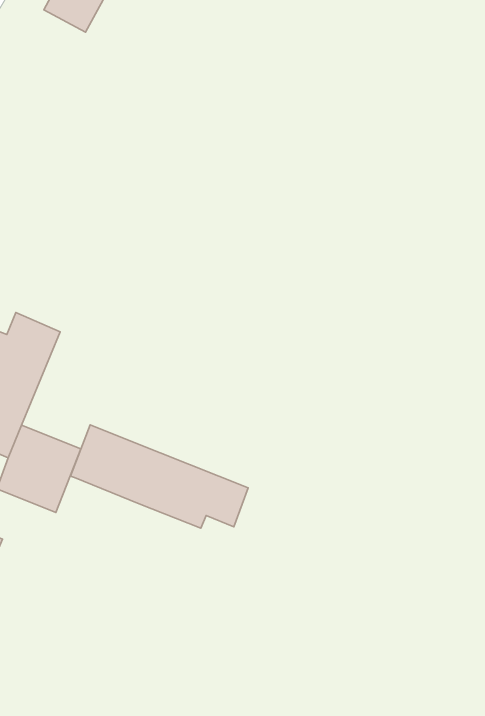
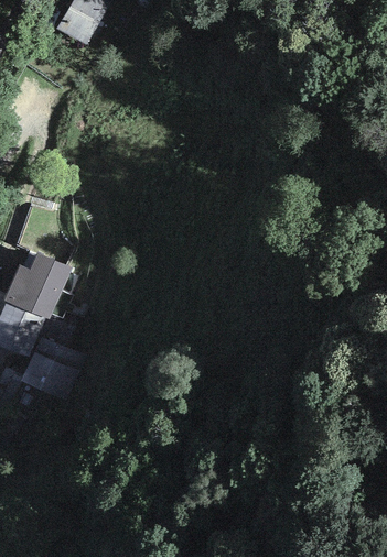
building: [71,425,248,528] -> none

